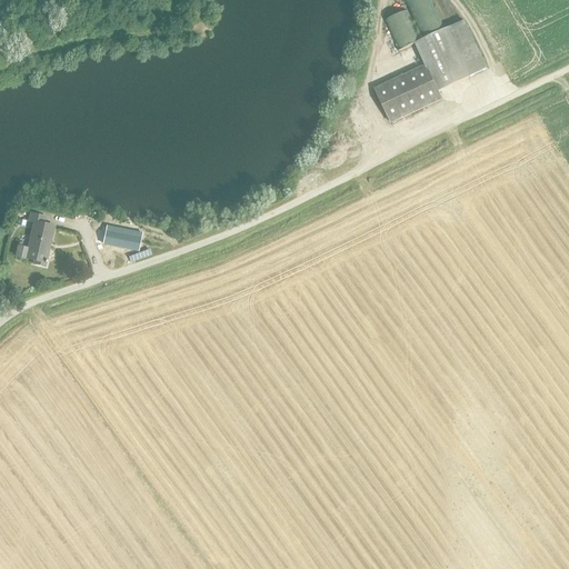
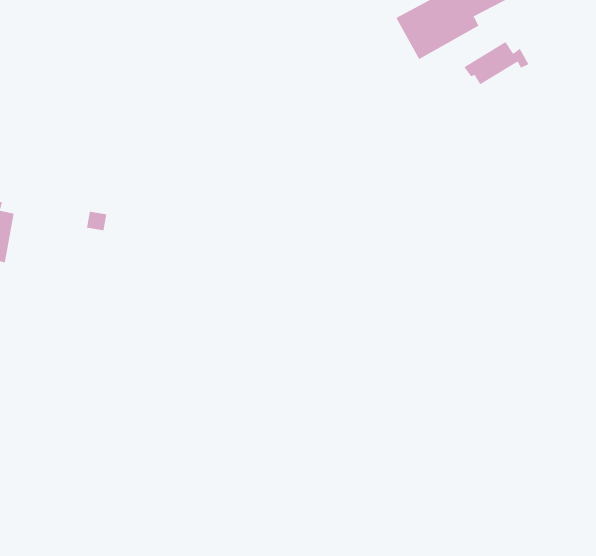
building: none -> [464,41,529,85]

